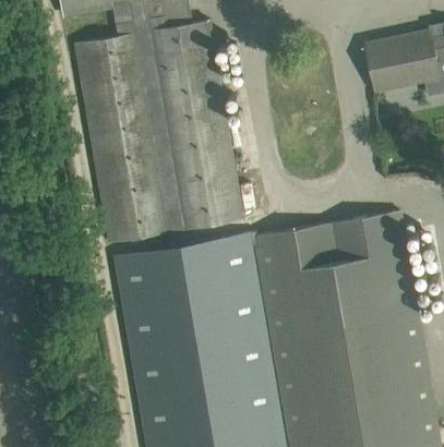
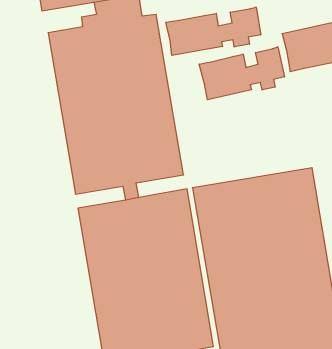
building: none -> [166,7,261,55]
building: none -> [199,47,284,100]

